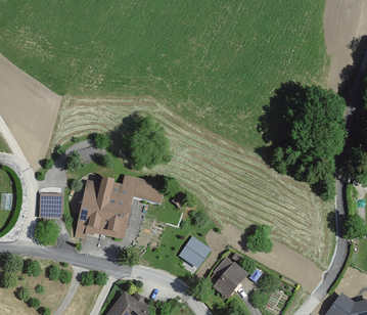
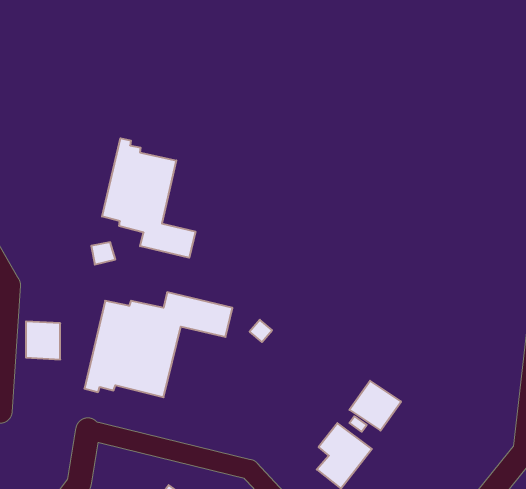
building: none -> [102,138,195,258]
building: [178,237,209,267] -> [349,381,401,431]

